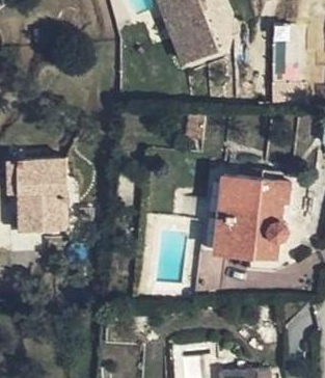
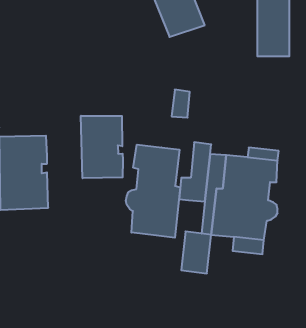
building: none -> [81,116,123,178]
building: none -> [126,145,180,238]

